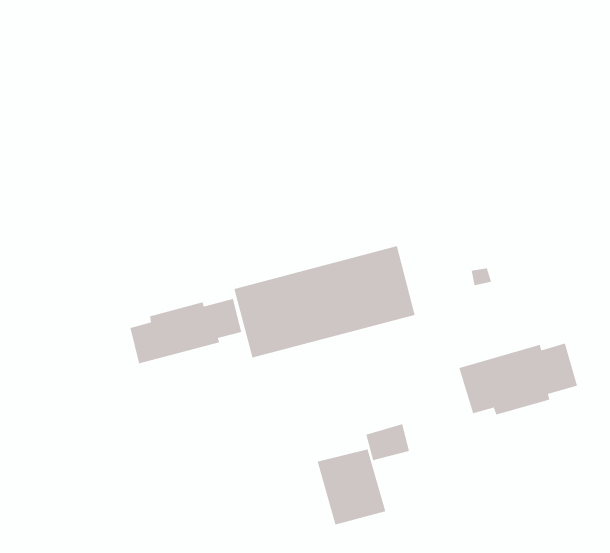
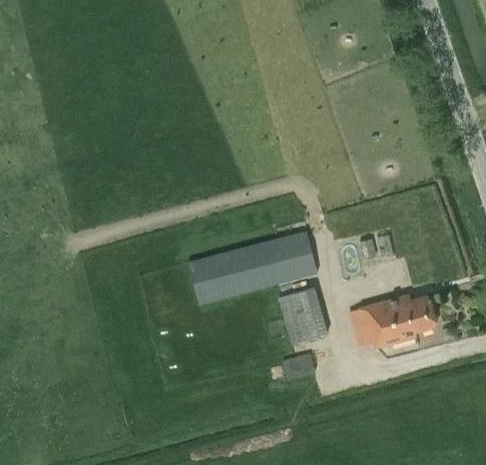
building: [130,298,242,364] -> none
building: [317,449,386,525] -> [277,290,327,345]

